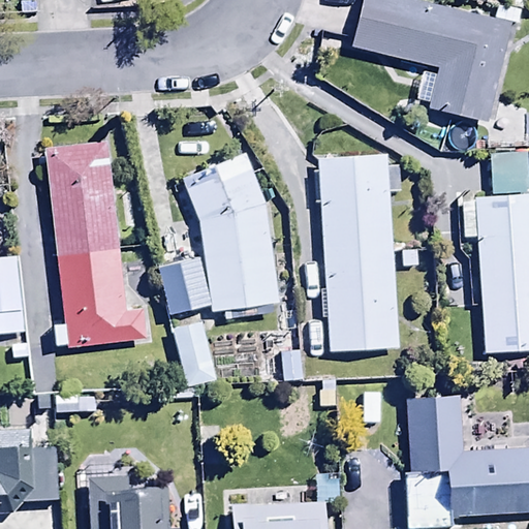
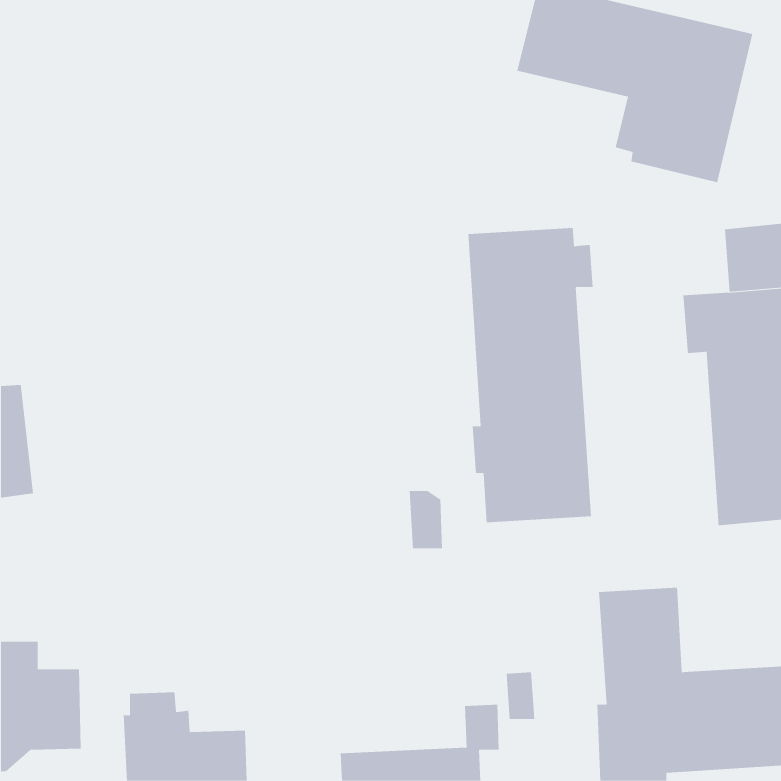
building: [43,138,147,350] -> none
building: [159,152,279,400] -> none

